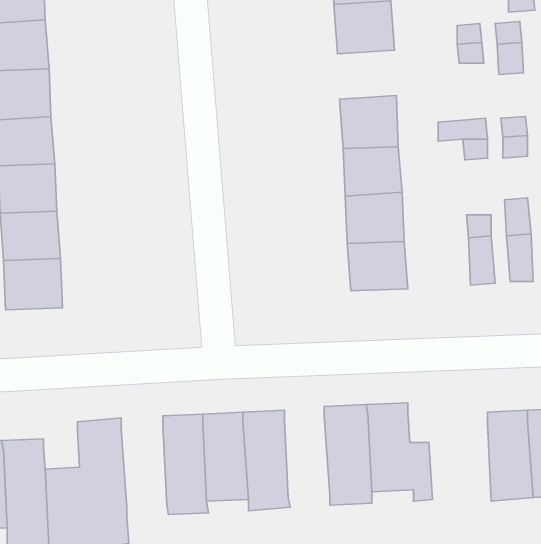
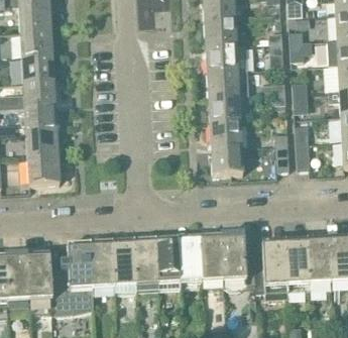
building: none -> [206,46,237,73]
building: none -> [178,236,202,285]
building: none -> [254,239,288,300]
building: none -> [91,241,115,290]

